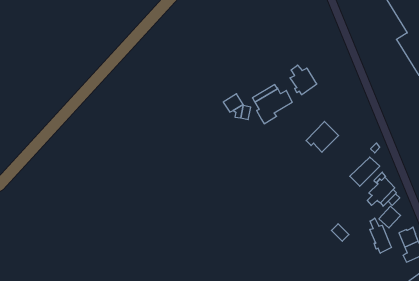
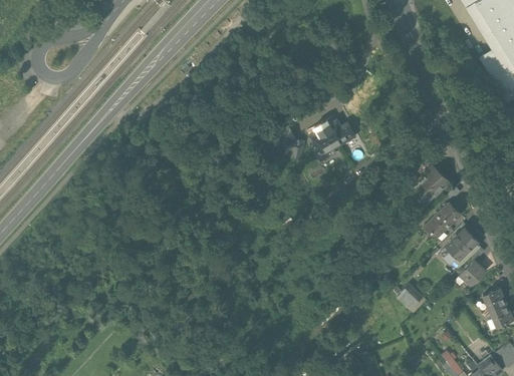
building: [290,65,317,95] -> none
building: [306,121,339,152] -> [412,163,451,201]
building: [370,218,391,253] -> none

